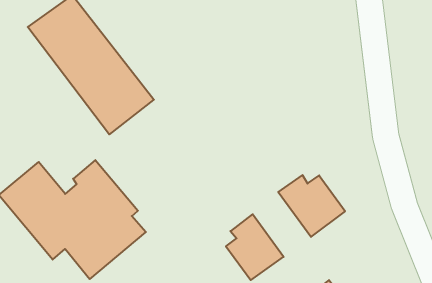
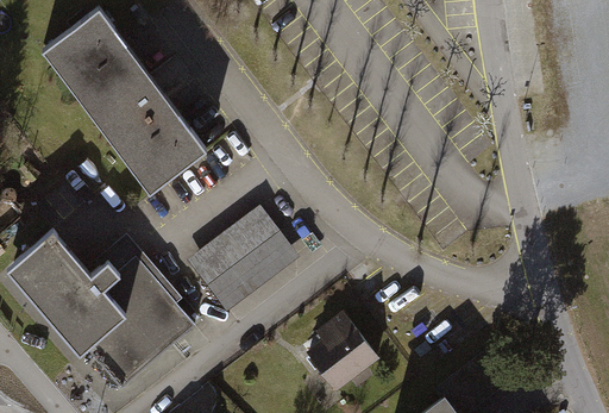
building: none -> [189,202,302,307]
building: [278,175,345,237] -> none

